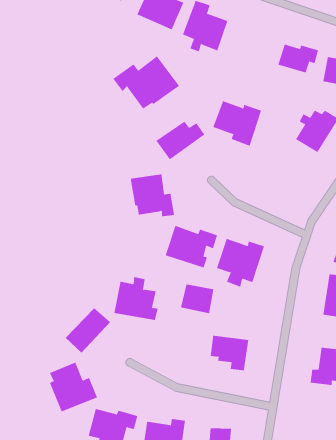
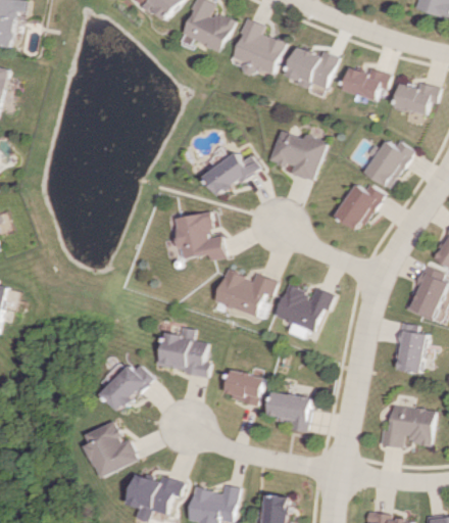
building: none -> [285,46,336,88]
building: [113,55,180,109] -> none
building: none -> [330,183,379,232]
building: [180,284,214,314] -> [220,370,258,403]

